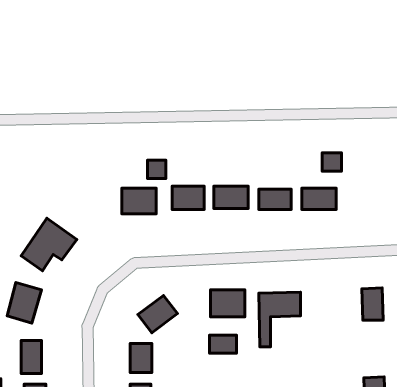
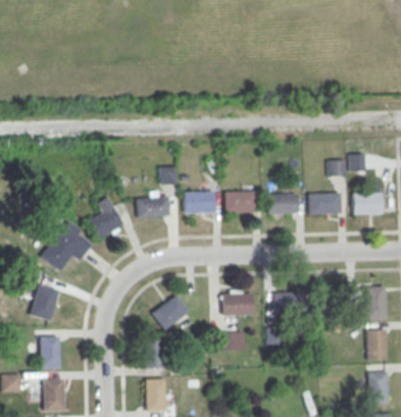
building: none -> [353,192,385,214]
building: none -> [91,197,121,237]
building: none -> [367,330,387,361]

